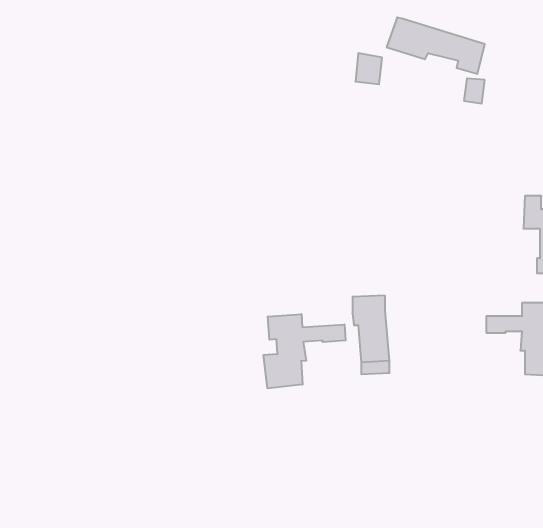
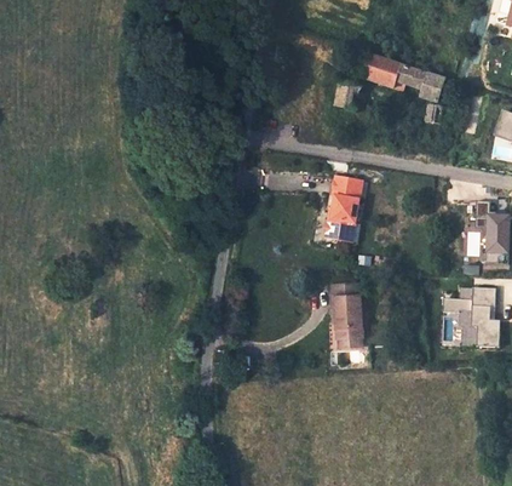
building: none -> [323,179,359,242]
building: [264,314,346,388] -> none

